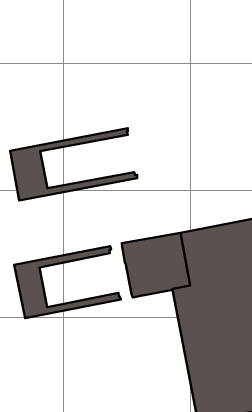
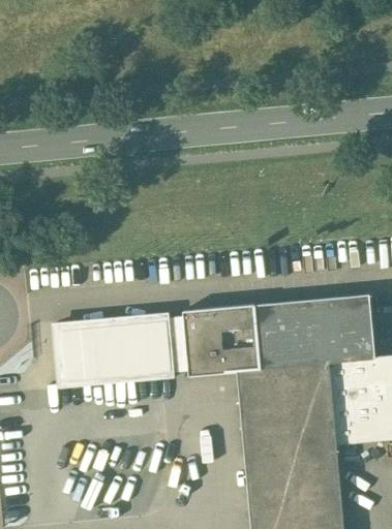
building: [10,128,137,201] -> none
building: none -> [82,314,188,377]

